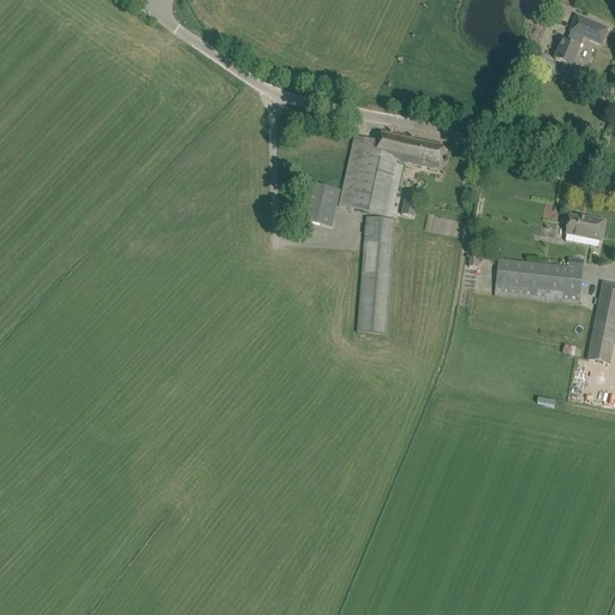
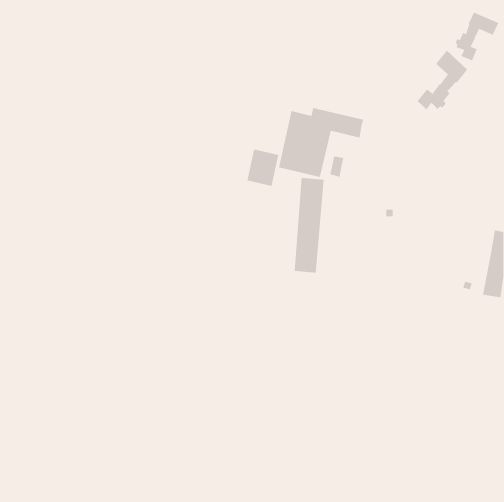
building: none -> [417,50,468,110]
building: [566,215,604,239] -> none
building: [494,257,583,304] -> none

